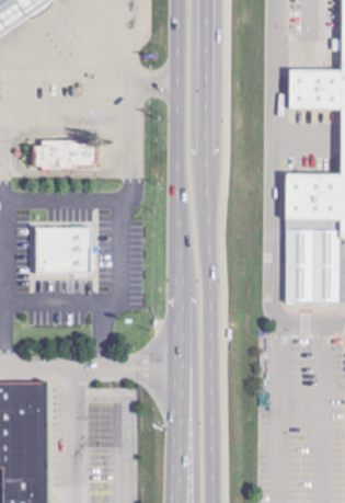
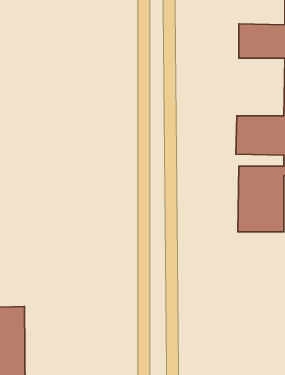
building: [34,138,97,169] -> none
building: [36,226,97,274] -> none

